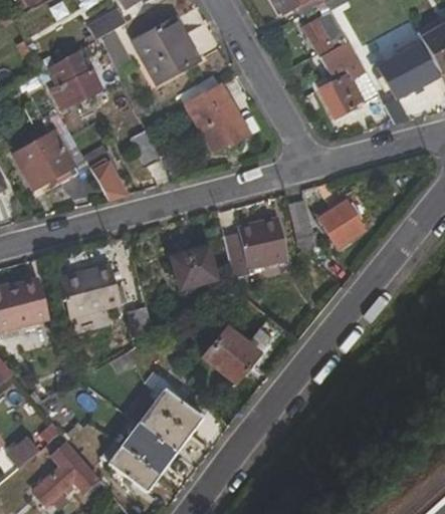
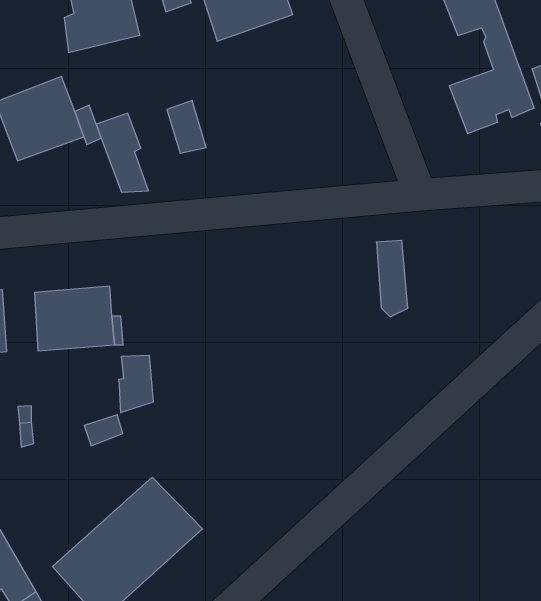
building: [186,82,249,152] -> none
building: [319,199,365,247] -> none
building: [224,216,287,277] -> none
building: [171,246,217,289] -> none
building: [202,323,260,382] -> none

